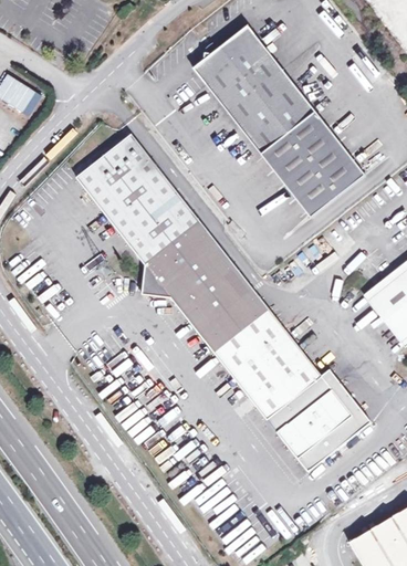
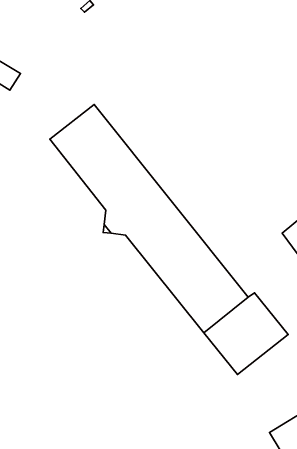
building: [194,27,364,217] -> none

